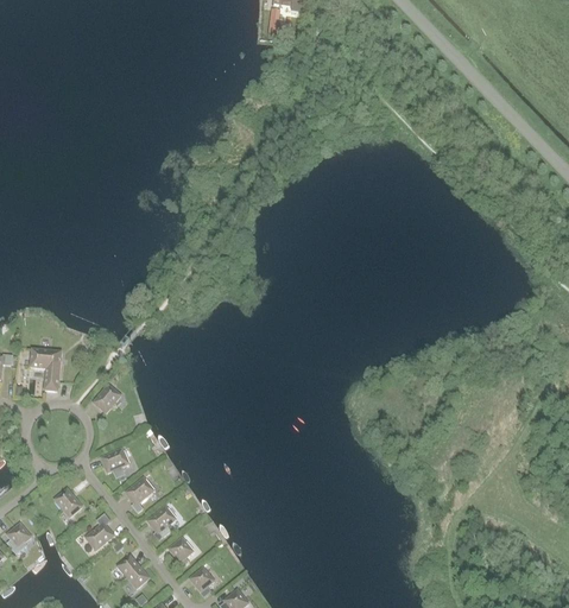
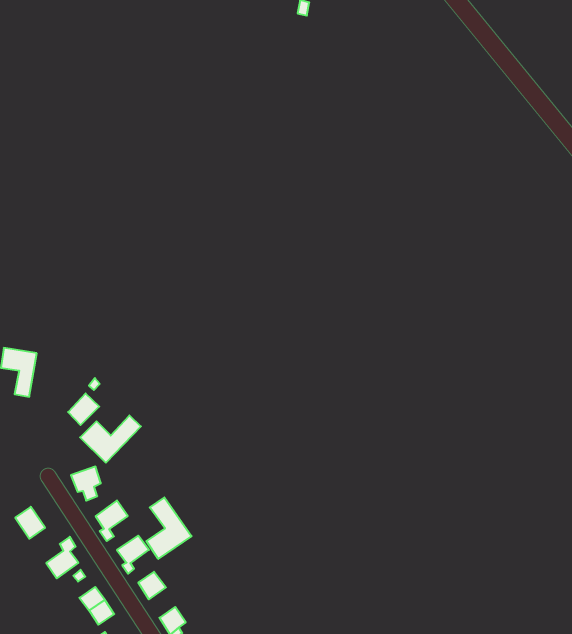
building: none -> [80,415,141,463]
building: none -> [146,497,192,559]

